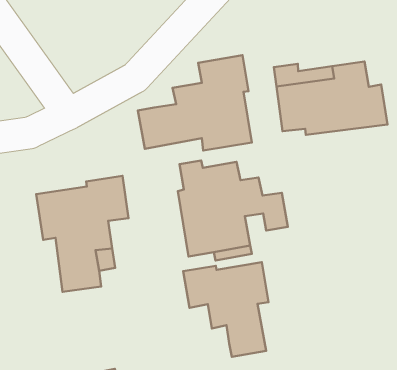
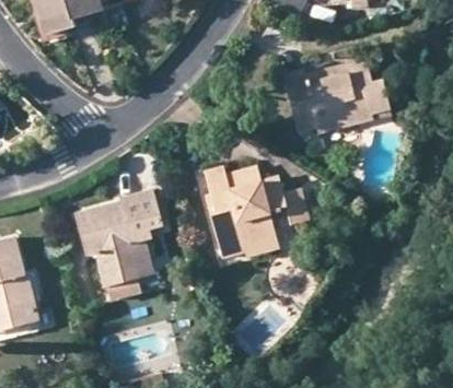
building: [138,55,252,150] -> none
building: [183,262,269,357] -> none

